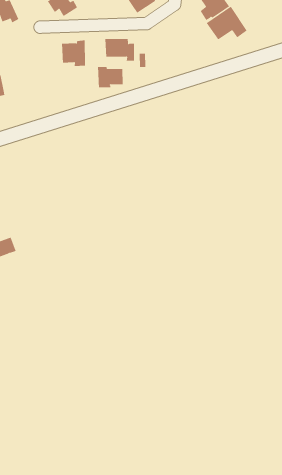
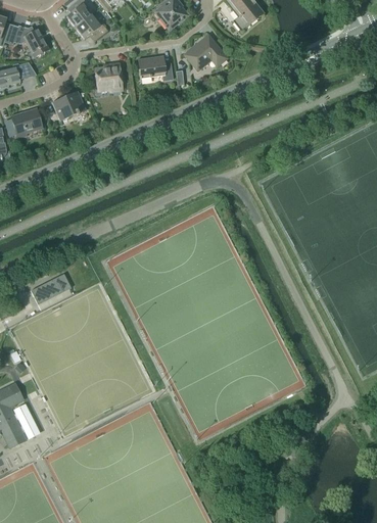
building: [206,6,248,40] -> [183,34,227,70]
building: none -> [52,91,84,120]
building: [97,66,123,88] -> none

